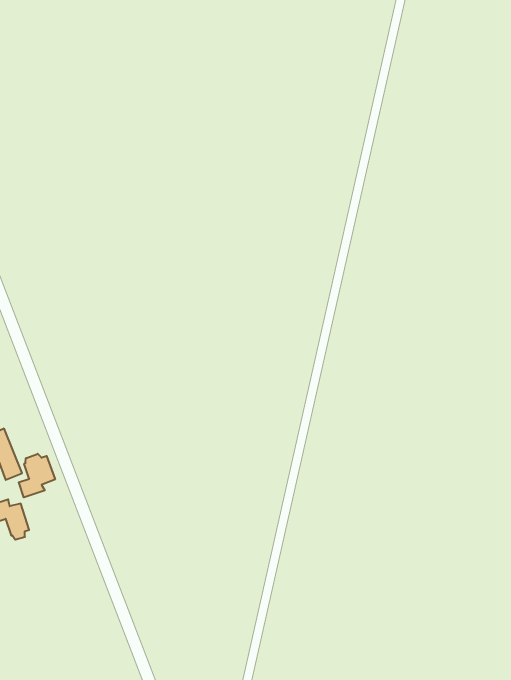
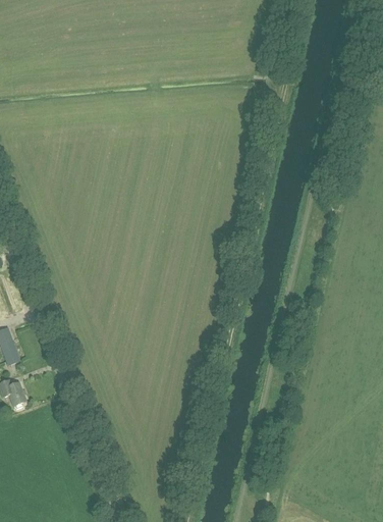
building: [19,454,55,497] -> none

